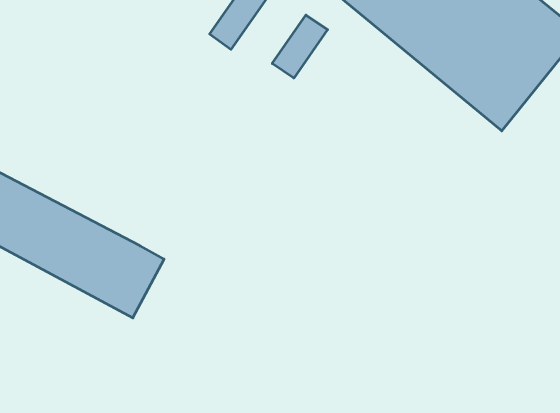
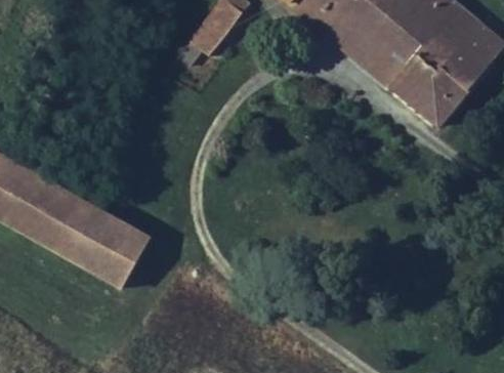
building: [272,15,328,78] -> none

